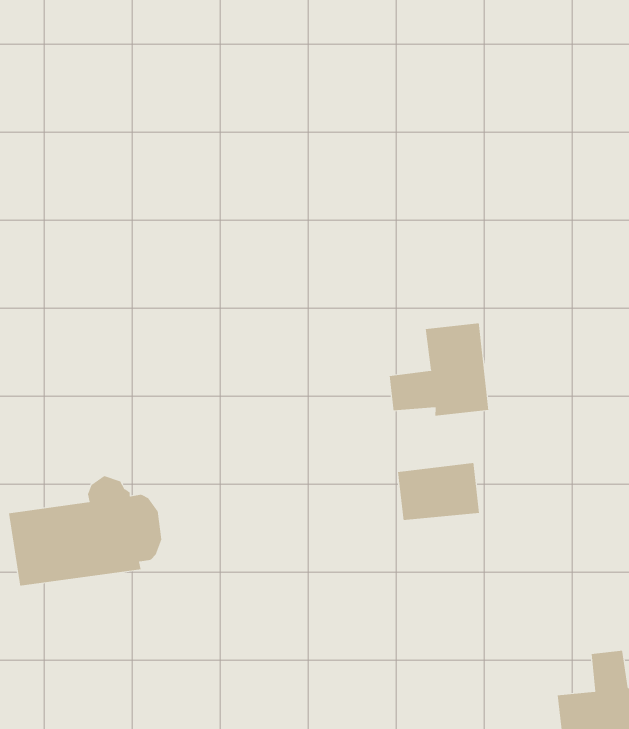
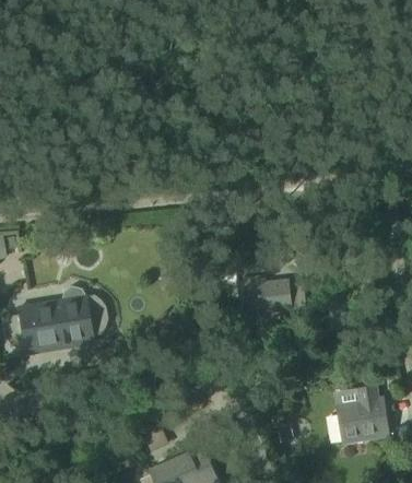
building: [389,322,489,417] -> none

